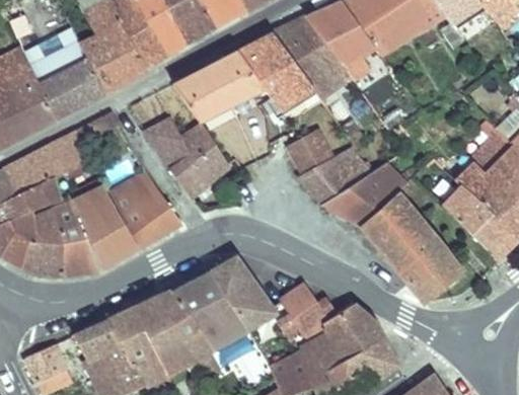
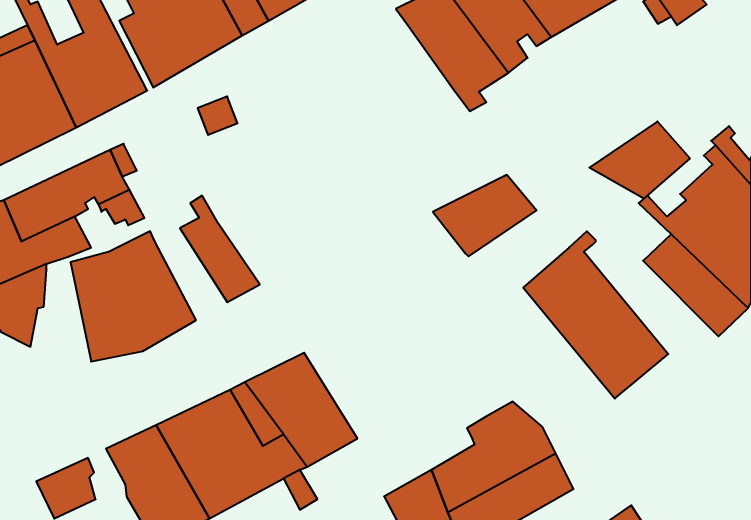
building: [173,35,312,123] -> none
building: [147,121,228,197] -> none
building: [287,128,336,174] -> none
building: [323,173,392,226] -> [589,121,690,198]
building: [108,185,158,248] -> none
building: [23,209,65,276] -> none
building: [211,257,275,329] -> none
building: [279,285,332,335] -> none

